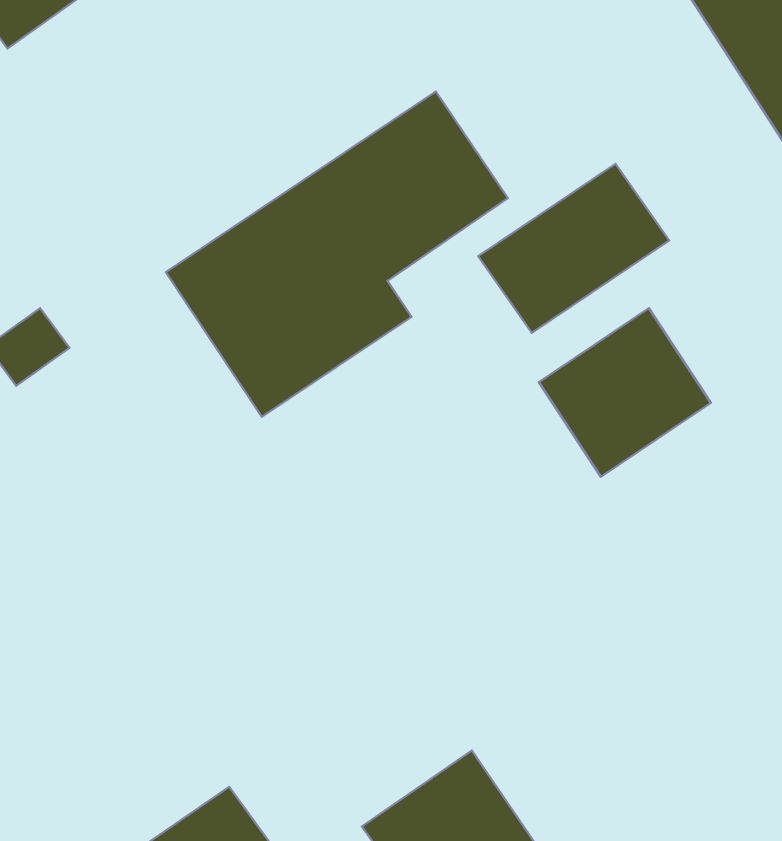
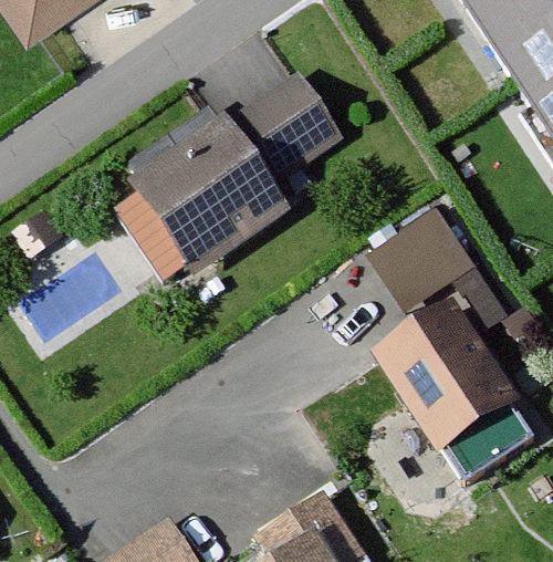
building: [478,164,669,333] -> none
building: none -> [367,304,515,459]

